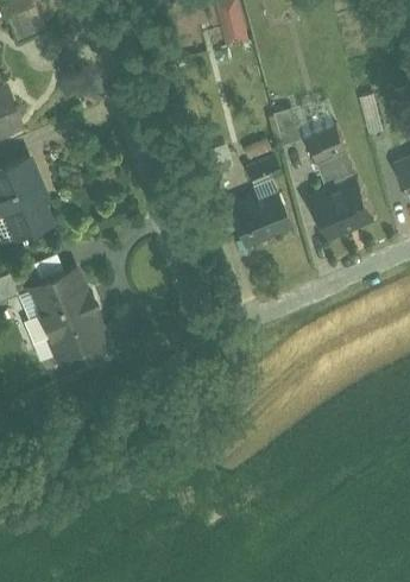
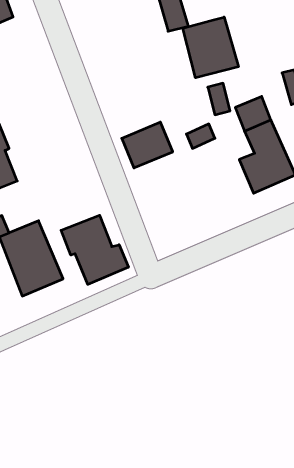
building: none -> [183,17,238,78]
building: [231,191,290,245] -> [122,122,173,168]
building: none -> [61,215,128,284]

